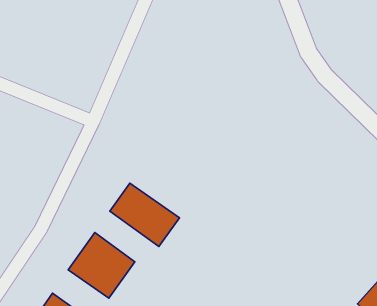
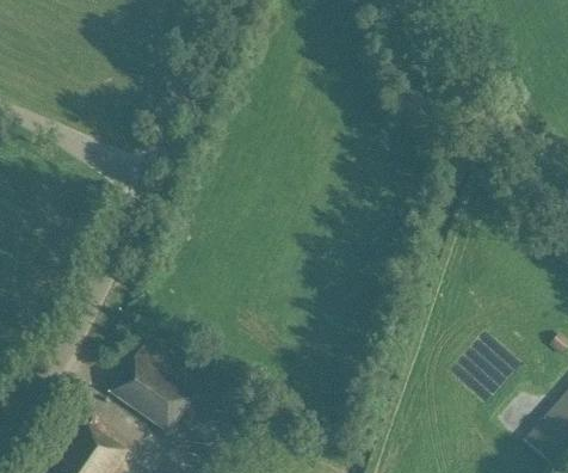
building: [110,183,179,247] -> none

